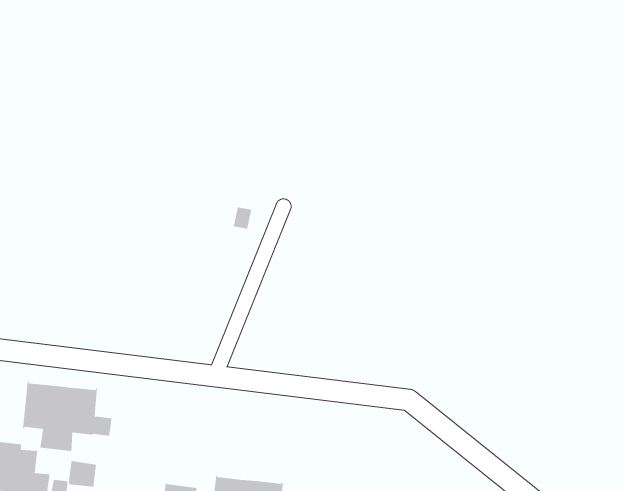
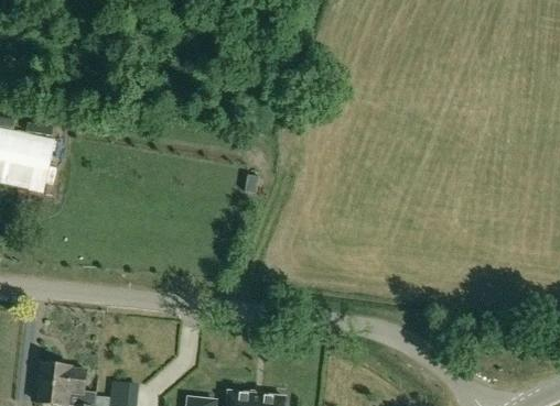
building: [21,381,112,452] -> none

